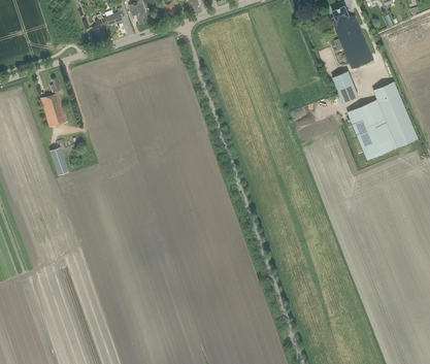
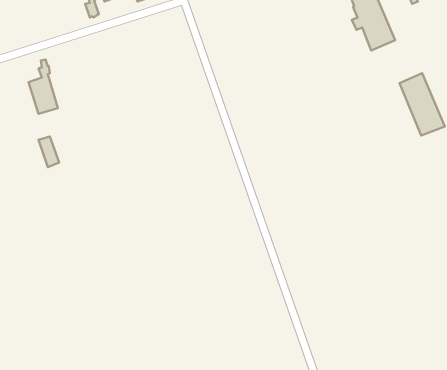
building: [333,70,355,103] -> none
building: [348,99,397,160] -> none

